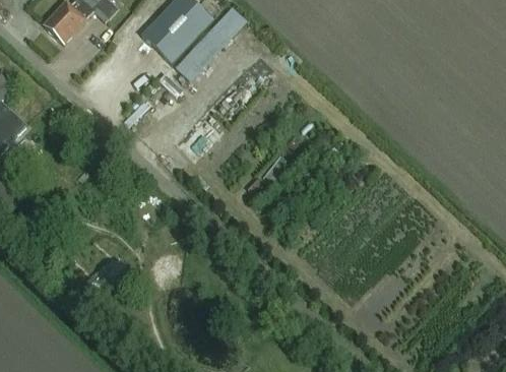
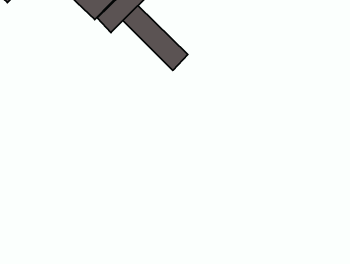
building: none -> [123,6,188,70]

